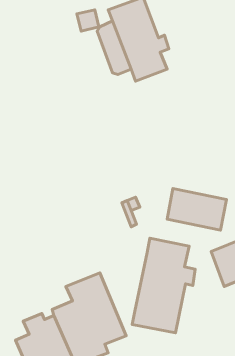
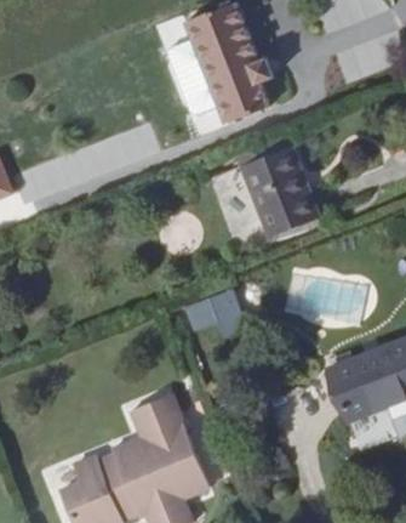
building: none -> [241,147,319,237]
building: [132,238,195,333] -> none

